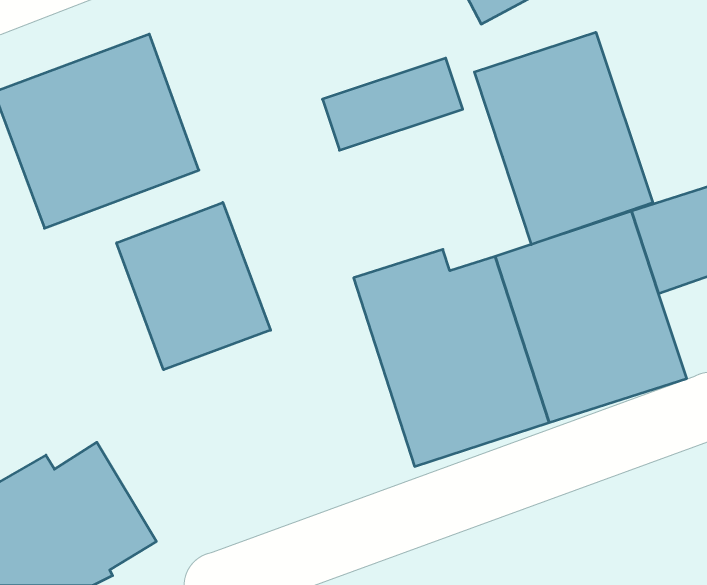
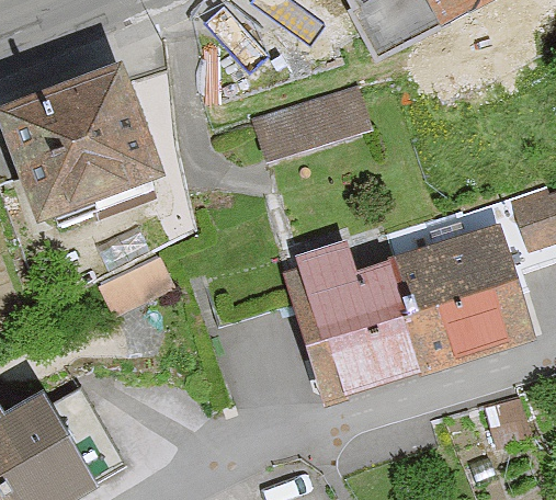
building: [474,32,653,245] -> none
building: [117,202,271,370] -> none

